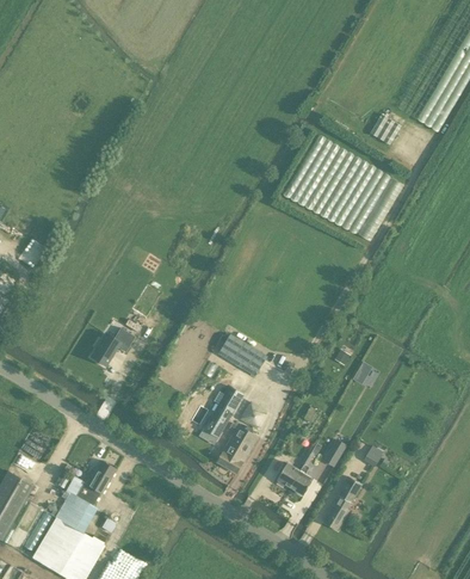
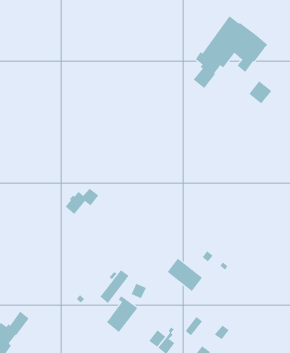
building: none -> [193,15,268,89]
building: [88,328,132,367] -> [65,188,99,215]
building: [216,334,265,377] -> [167,258,203,292]

